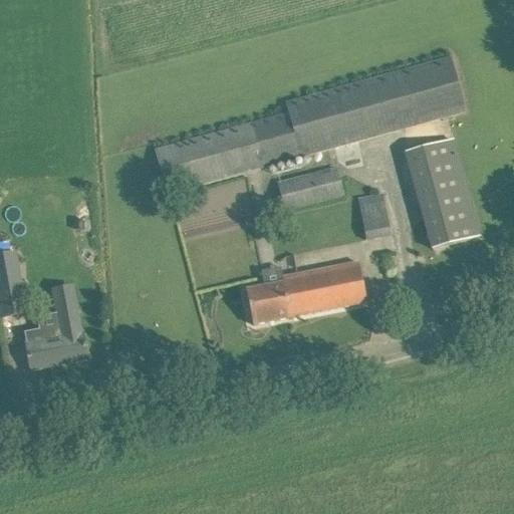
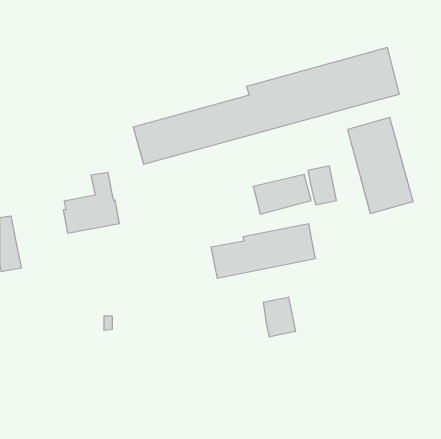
building: [276,165,343,211] -> [253,174,311,214]
building: [23,298,88,368] -> [63,173,119,233]
building: none -> [264,297,296,337]

